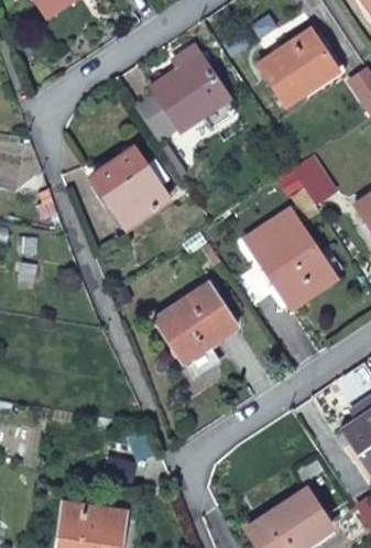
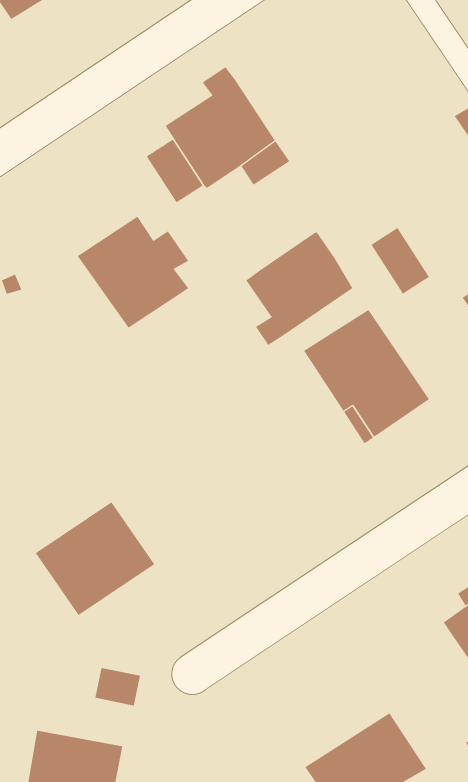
building: [259,29,338,105] -> none
building: none -> [245,231,353,346]
building: [154,283,237,361] -> [35,502,155,616]

